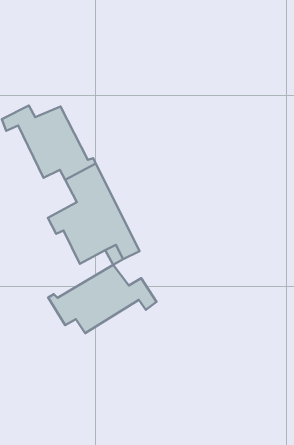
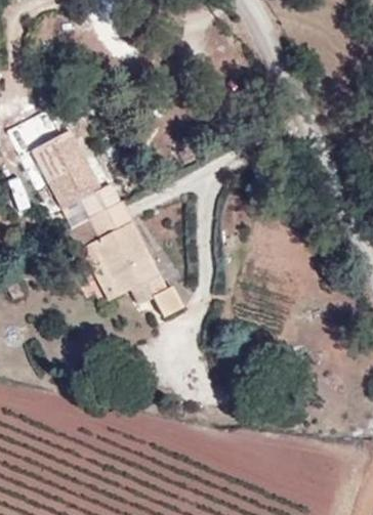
building: [48,265,157,333] -> none

